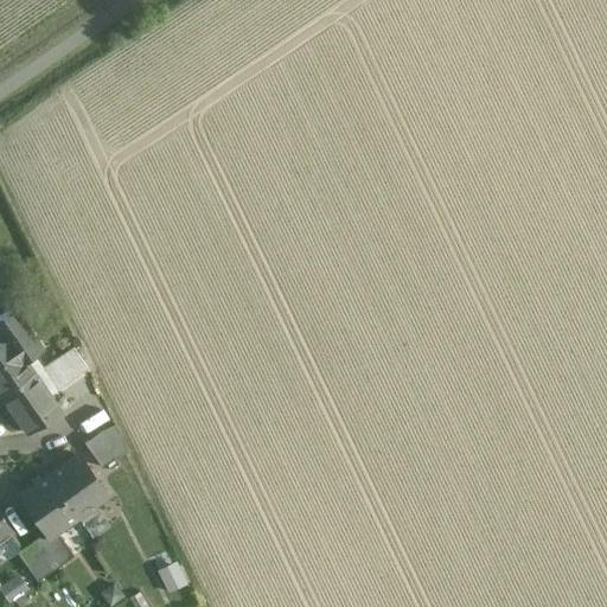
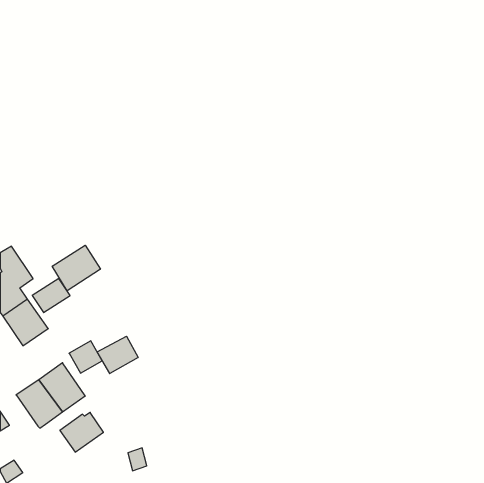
building: none -> [52,245,100,291]
building: none -> [97,336,138,374]
building: [19,532,74,582] -> [60,412,103,452]

